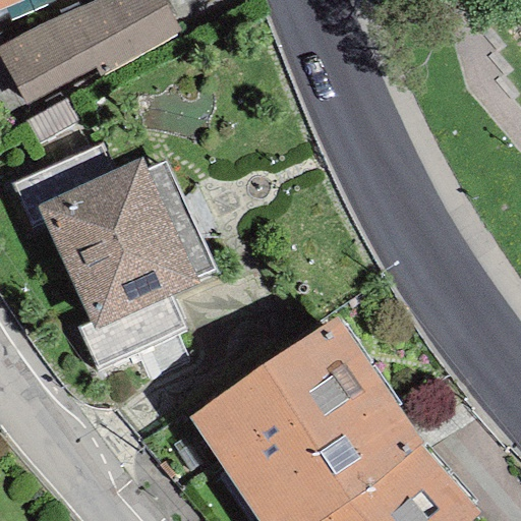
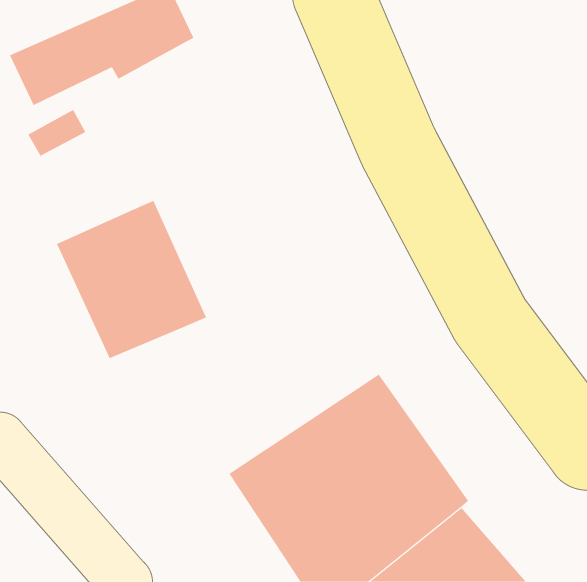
building: [16,148,120,223] -> none
building: [80,287,187,367] -> none

